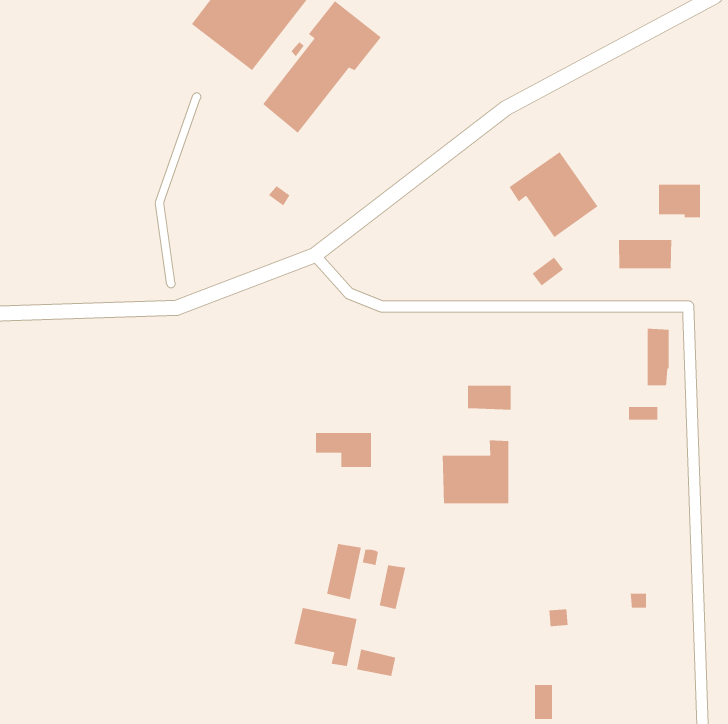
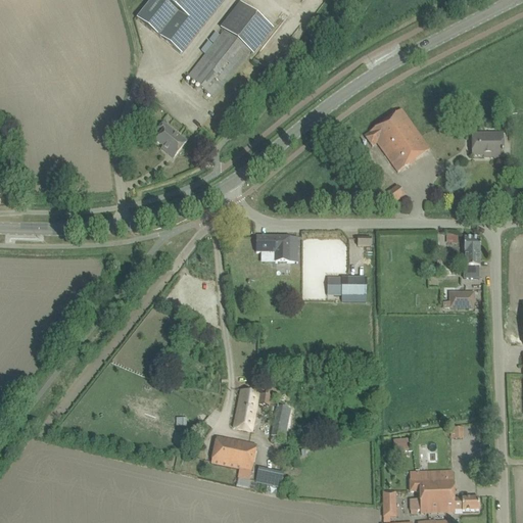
building: none -> [156,121,187,156]
building: [618,239,672,269] -> none
building: [315,432,372,468] -> [256,235,297,260]
building: [442,440,509,504] -> none
building: none -> [409,469,479,510]

